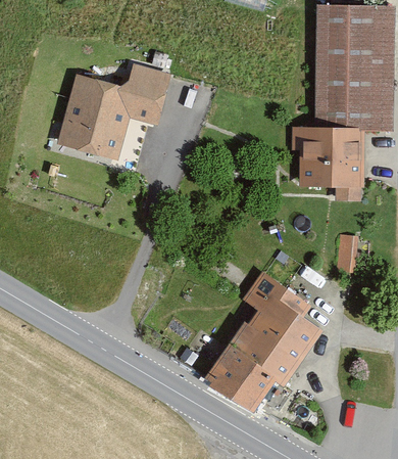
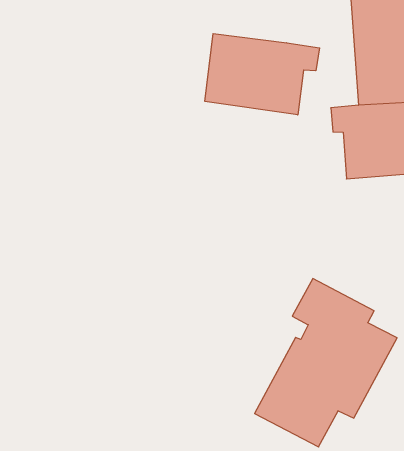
building: [59,63,175,159] -> none
building: none -> [205,34,320,115]

